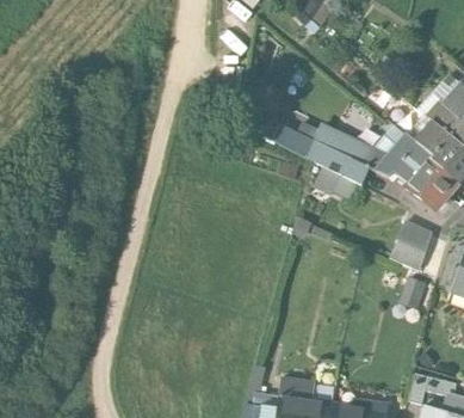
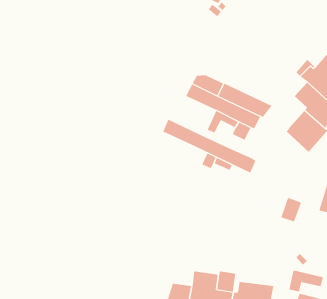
building: [375,133,433,184] -> none
building: none -> [163,119,256,173]
building: [389,223,439,273] -> none

